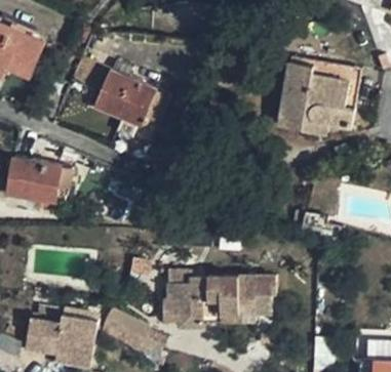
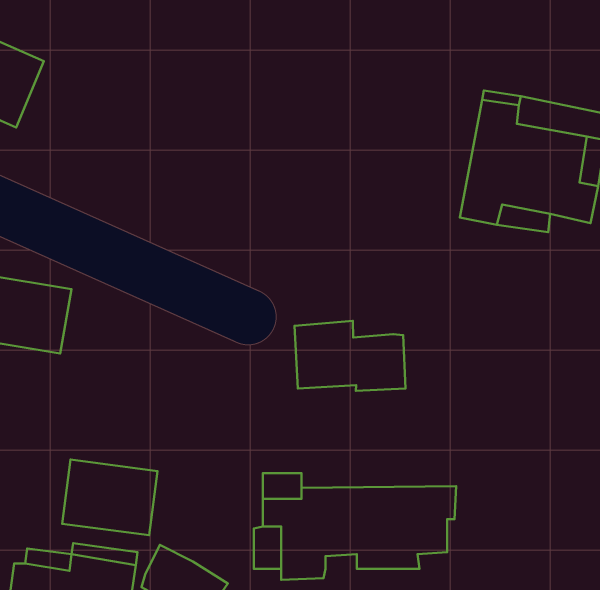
building: [93,70,155,125] -> none
building: none -> [294,321,406,391]
building: none -> [62,460,157,535]

